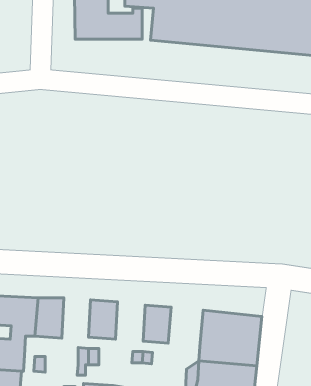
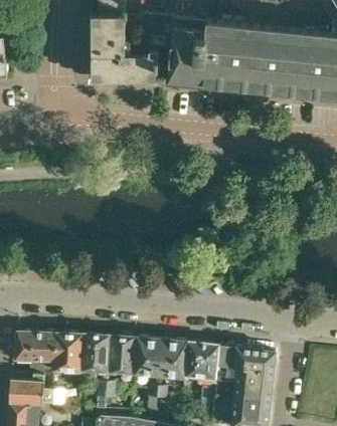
building: none -> [78,334,107,373]
building: none -> [131,338,160,376]
building: none -> [182,343,216,381]

